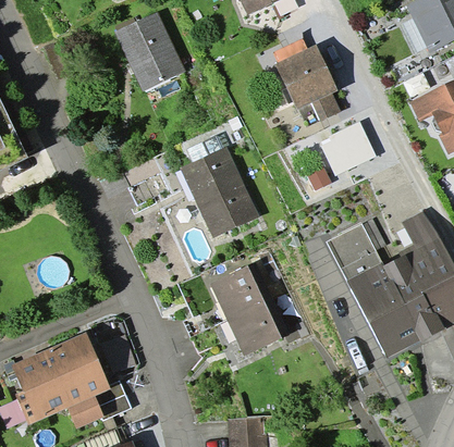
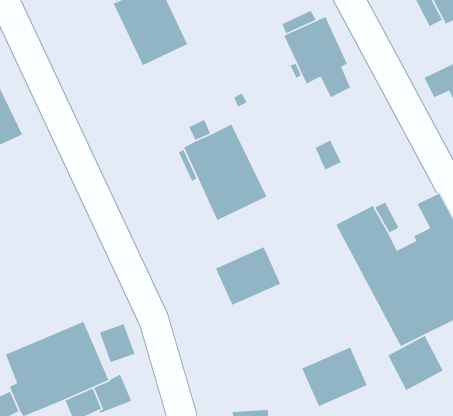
building: [320,122,376,175] -> none
building: [226,298,290,356] -> [301,347,368,407]
building: none -> [387,335,444,391]

